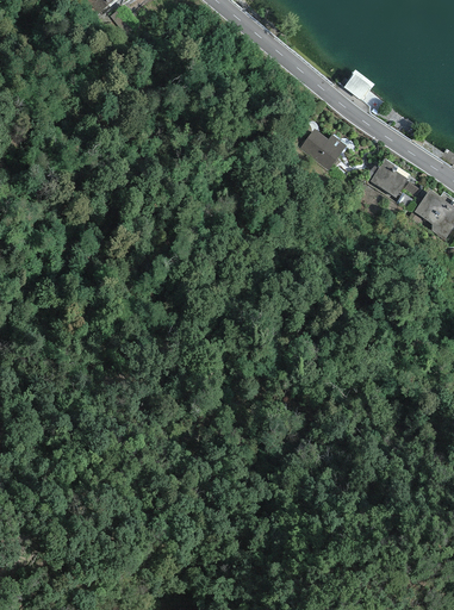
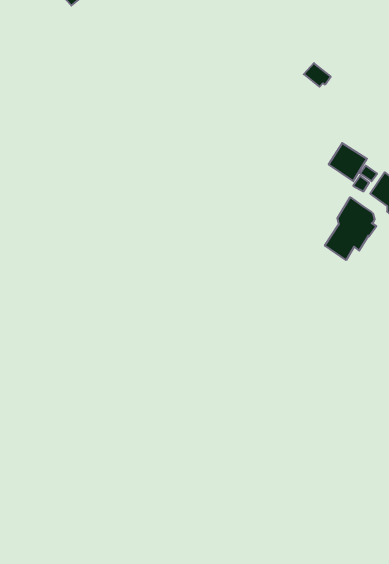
building: [299,127,346,169] -> none
building: none -> [325,197,376,260]

